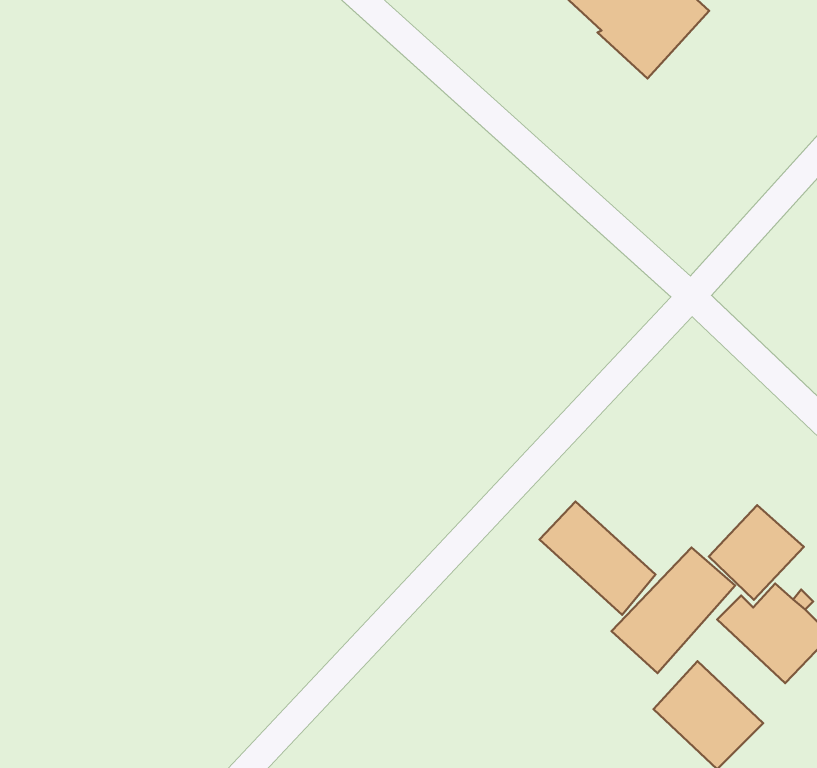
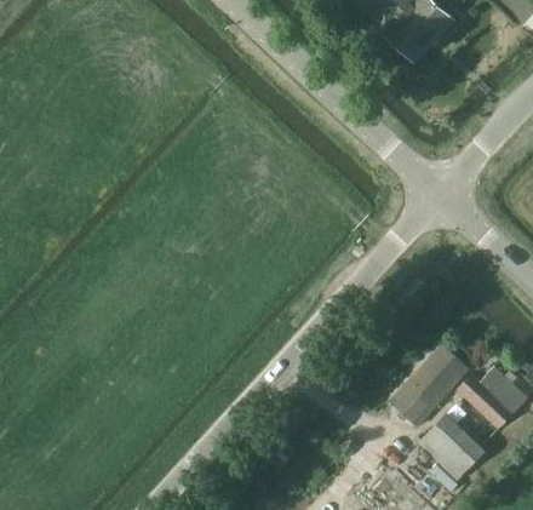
building: [540,502,655,615] -> none
building: [709,505,804,600] -> none

